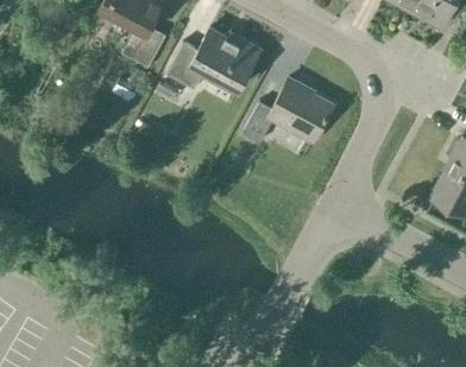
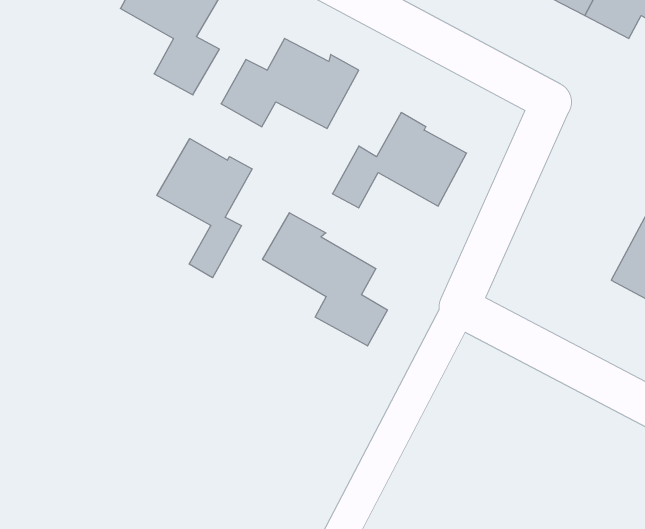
building: none -> [157,139,252,278]
building: none -> [263,213,387,346]

